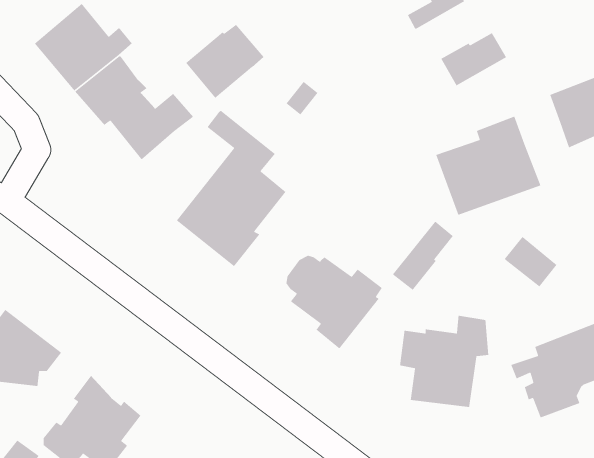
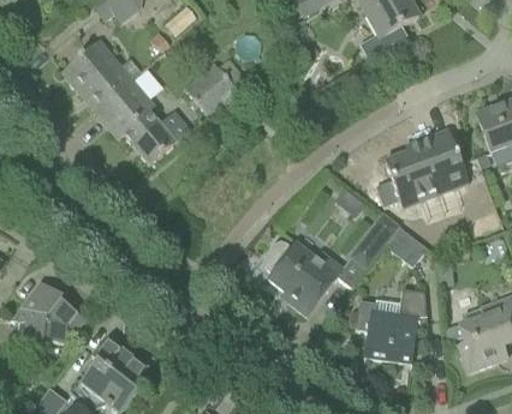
building: [440,31,507,87] -> none
building: [176,110,286,267] -> none
building: [504,236,558,287] -> [383,226,427,266]

